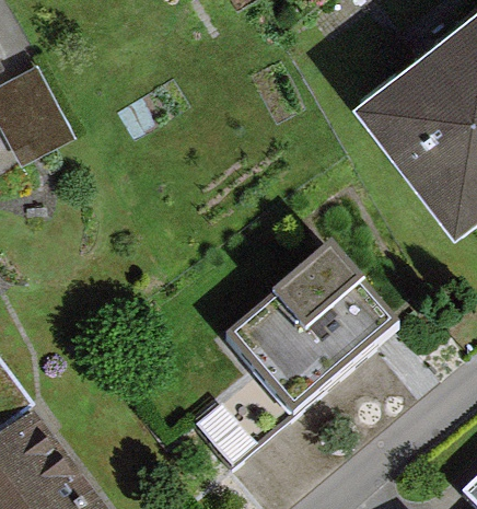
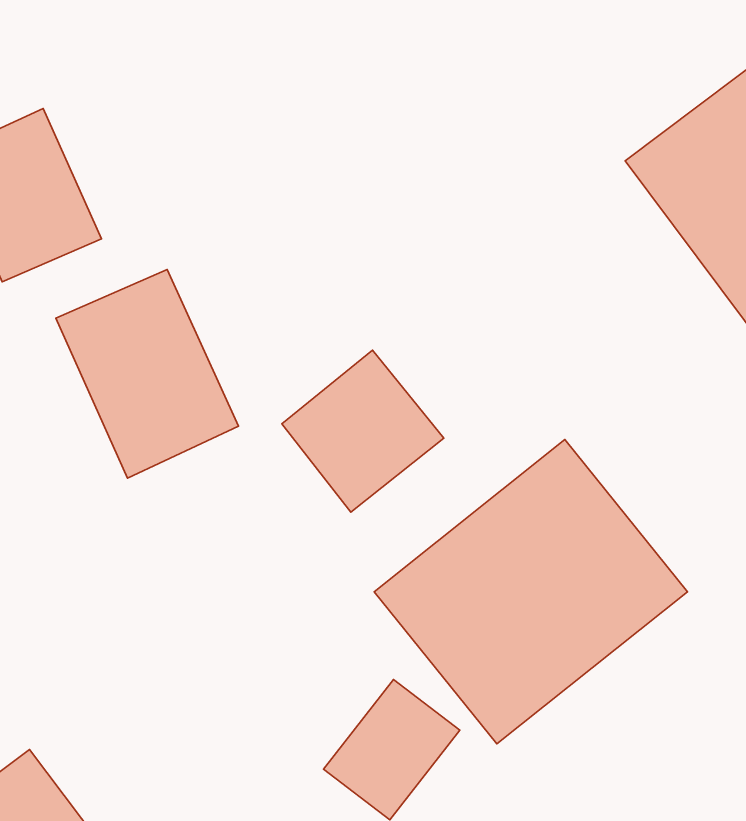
building: none -> [56,270,238,478]
building: none -> [282,350,444,512]

